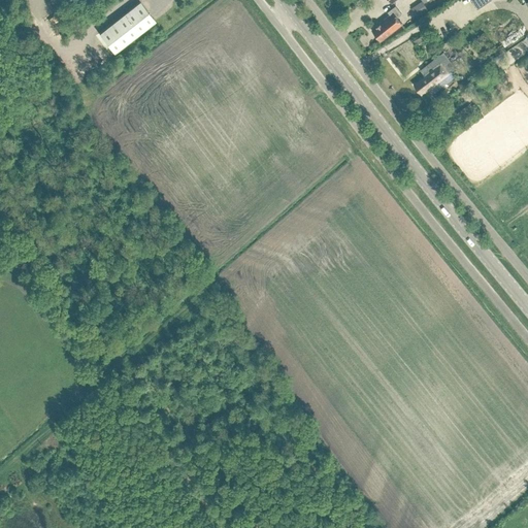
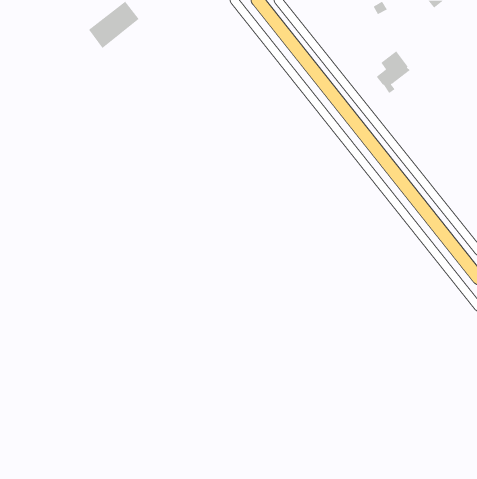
building: [373,5,404,40] -> none

